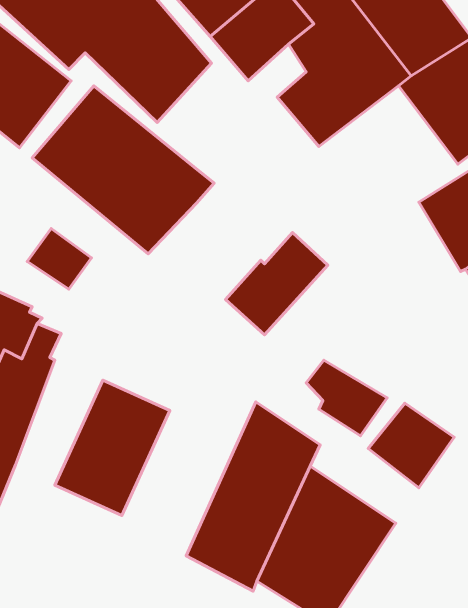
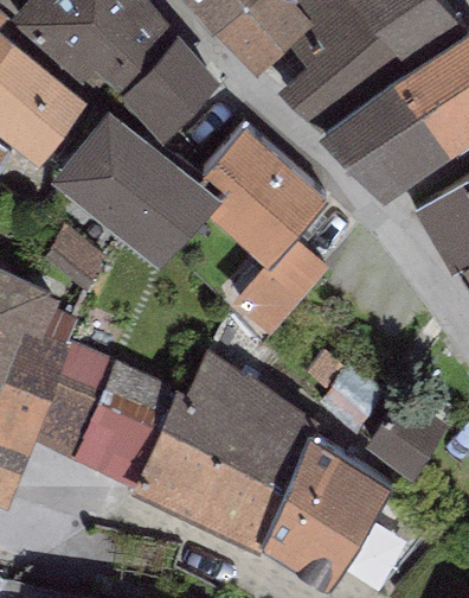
building: none -> [320,89,450,209]
building: none -> [203,116,328,256]
building: none -> [36,346,117,464]
building: none -> [131,356,261,530]

